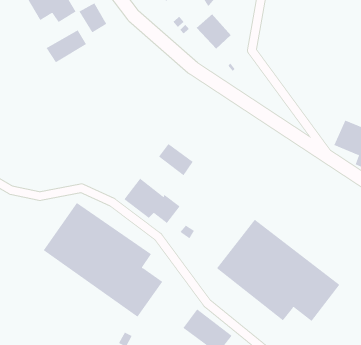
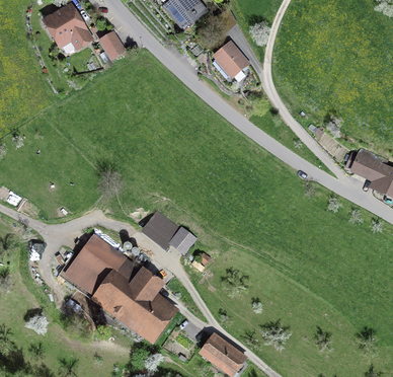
building: [46,29,87,63] -> none
building: [158,143,194,176] -> none
building: [216,219,340,322] -> none

